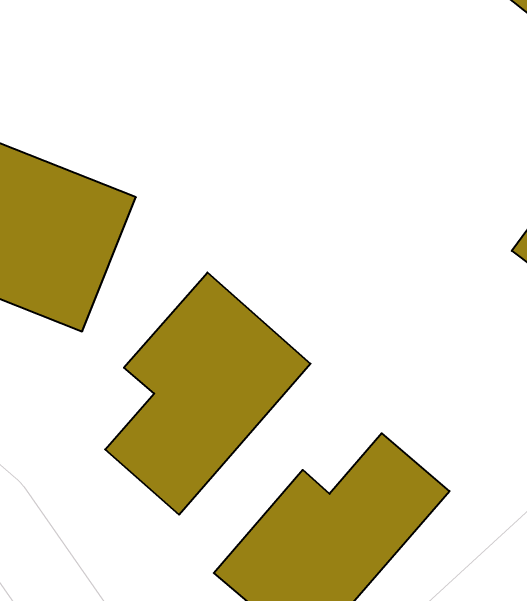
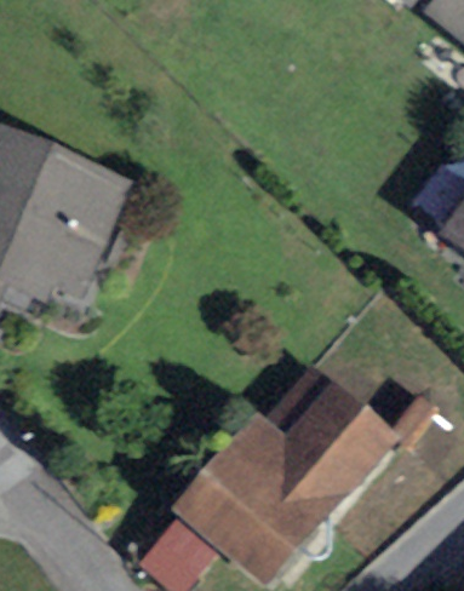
building: [105,272,311,515] -> none

